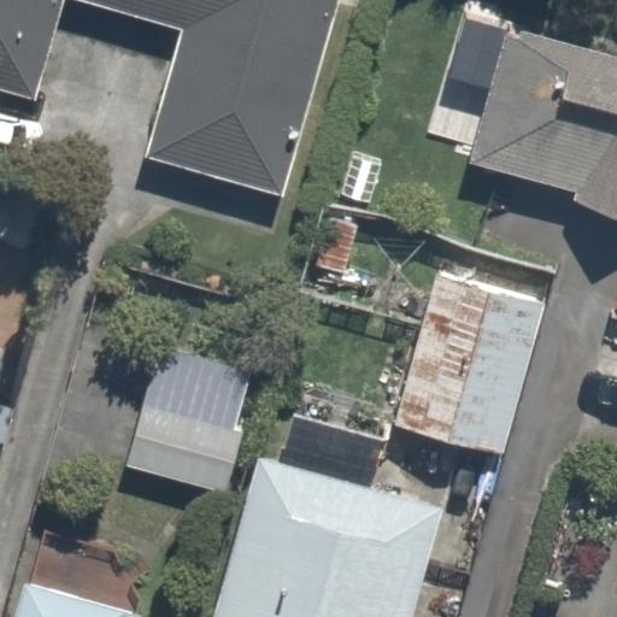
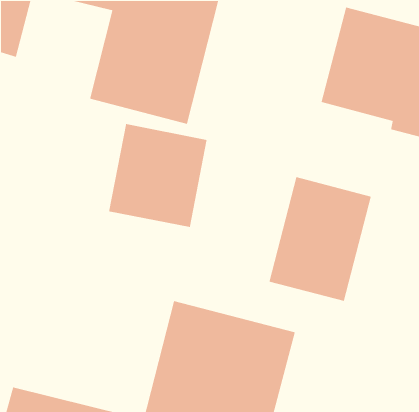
building: none -> [108,123,208,228]
building: [133,340,252,487] -> none

